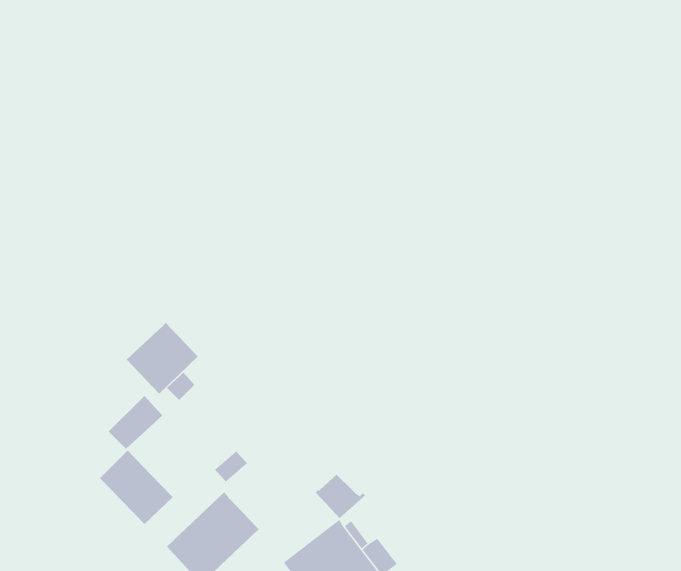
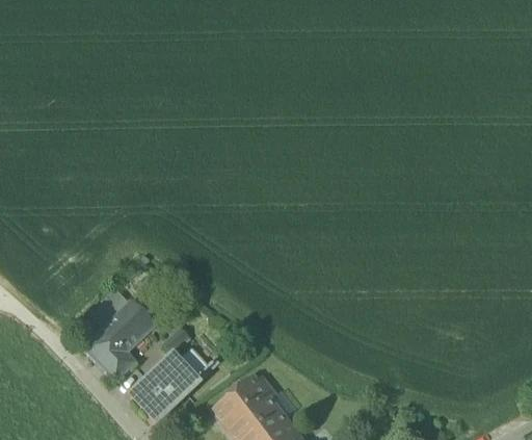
building: [126,322,199,394] -> [102,299,154,351]
building: [315,474,366,519] -> [176,347,212,380]

